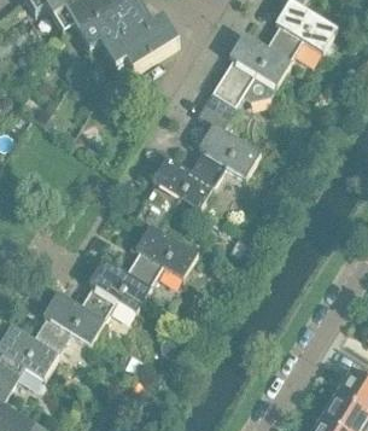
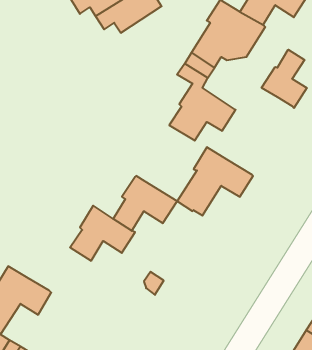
building: none -> [262,50,307,108]
building: [133,158,216,233] -> [177,147,253,216]
building: [33,292,104,353] -> none

